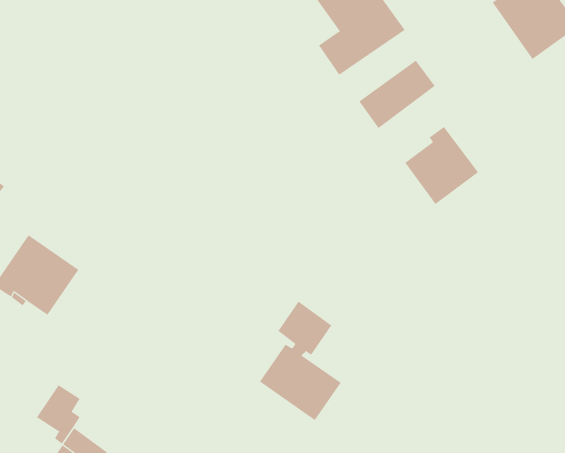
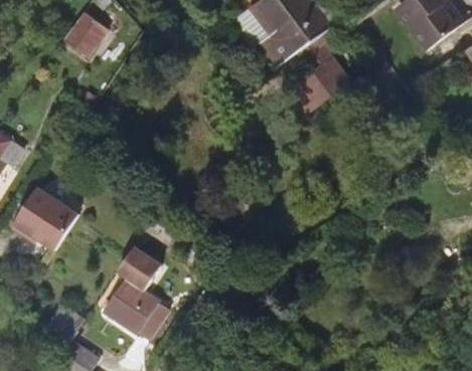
building: none -> [64,14,105,55]
building: [404,126,479,205] -> none
building: [259,301,341,421] -> [106,245,169,338]

